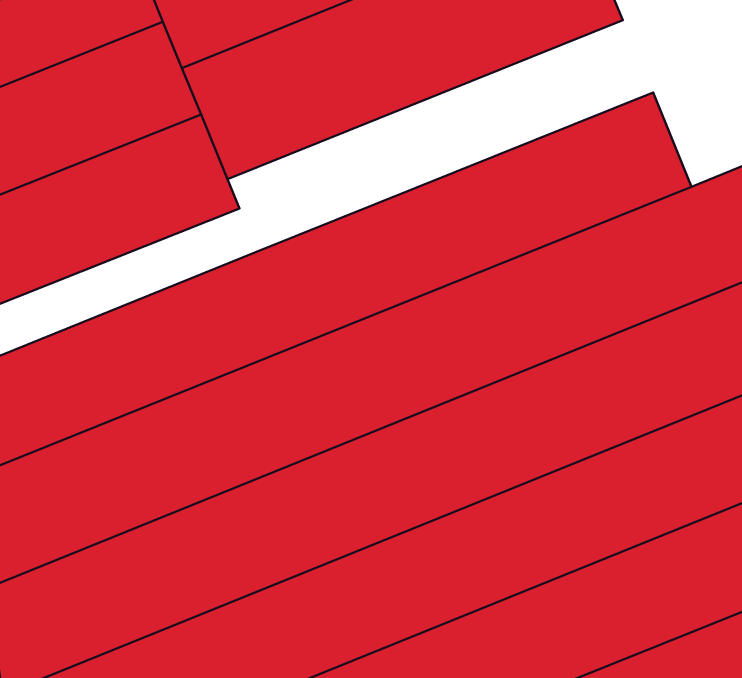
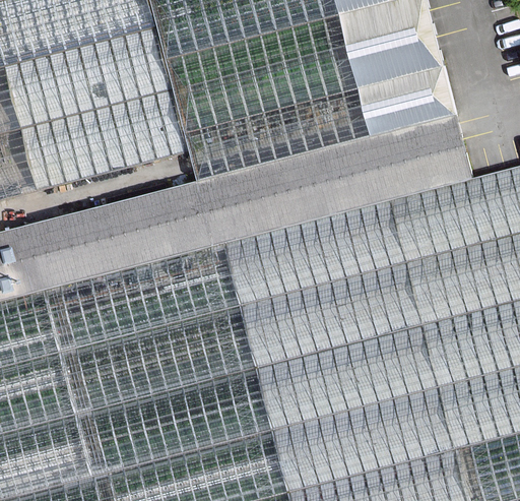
building: none -> [183,64,456,179]

